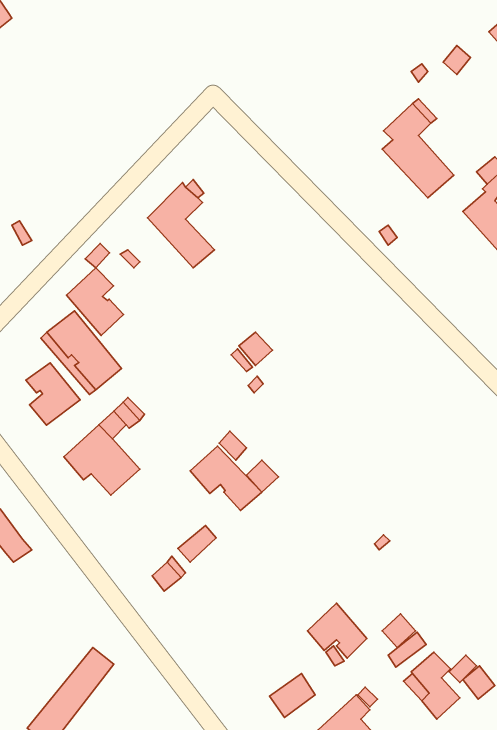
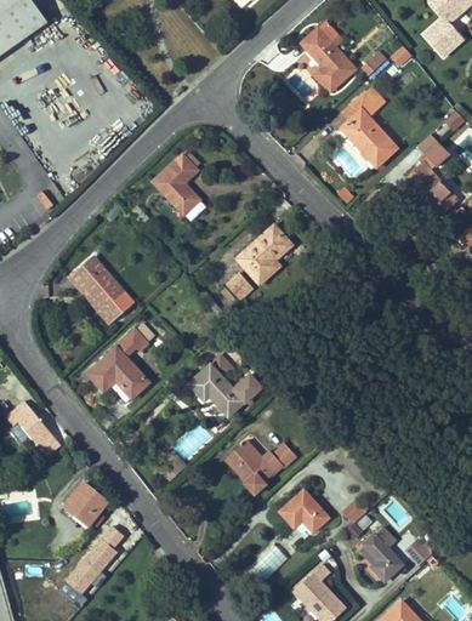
building: none -> [302,21,356,90]
building: [66,268,123,335] -> none
building: none -> [238,226,290,281]
building: [26,363,80,425] -> none
building: none -> [227,443,297,494]
building: none -> [66,483,107,522]

